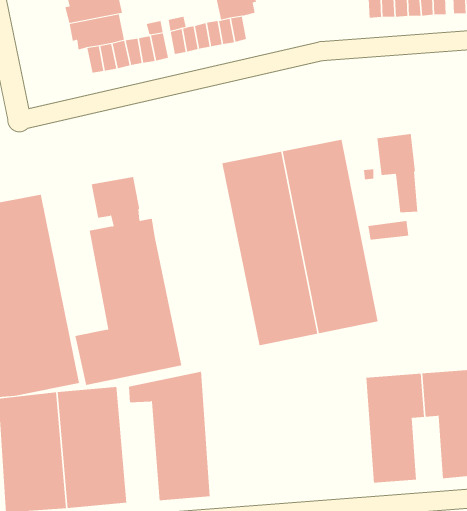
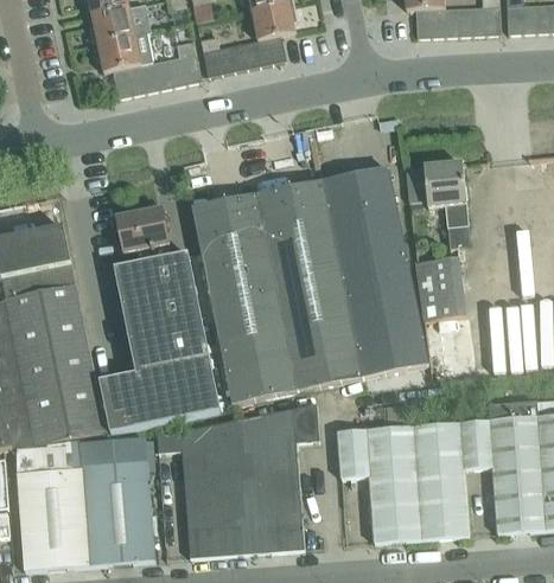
building: none -> [193,193,298,403]
building: none -> [236,402,319,552]
building: none -> [337,424,421,542]

